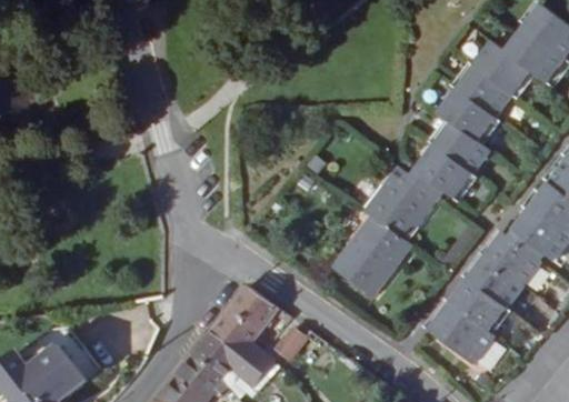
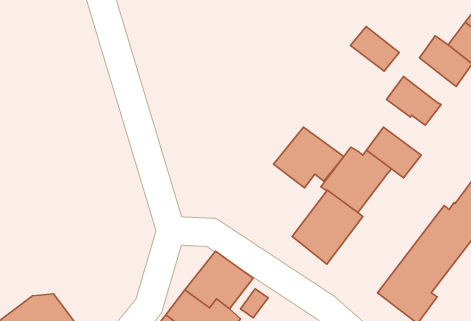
building: [456,67,510,117] -> [350,27,399,71]
building: [433,122,489,173] -> none
building: none -> [273,127,344,188]

